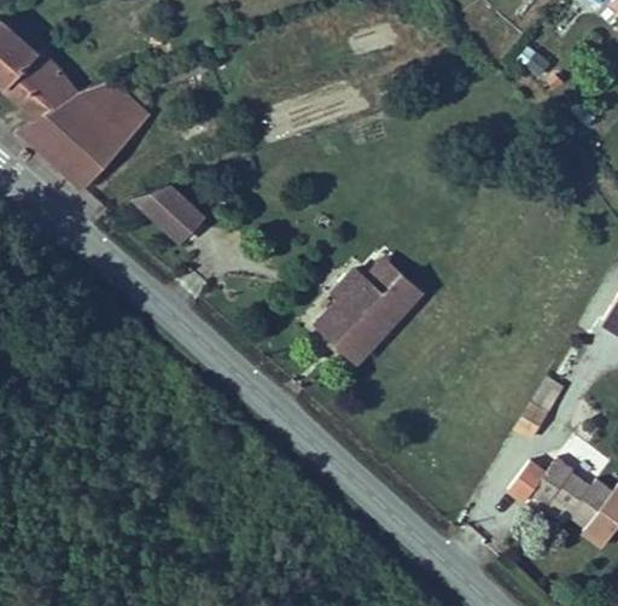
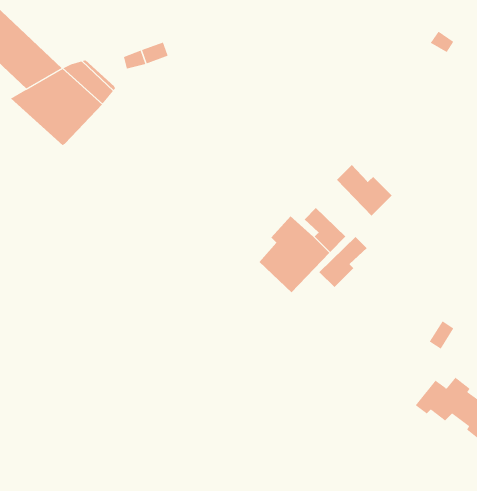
building: [134,185,205,244] -> none
building: none -> [336,164,393,217]
building: none -> [319,236,367,288]

